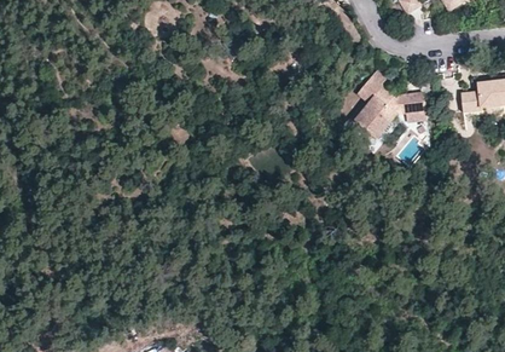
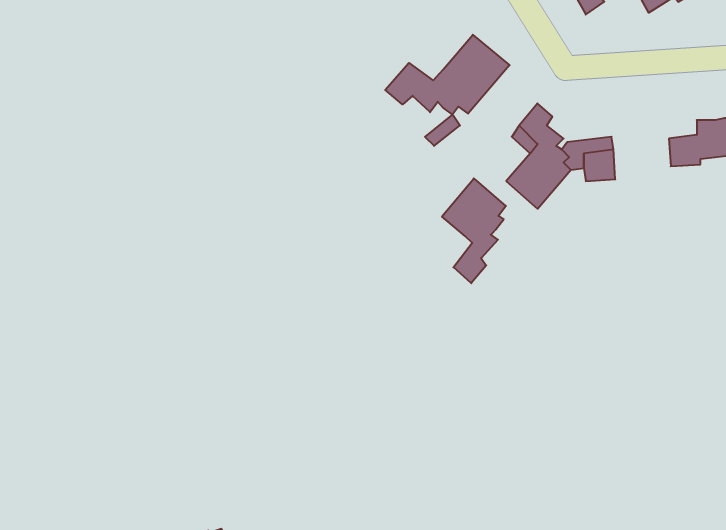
building: none -> [385,35,510,115]
building: none -> [442,178,506,283]

